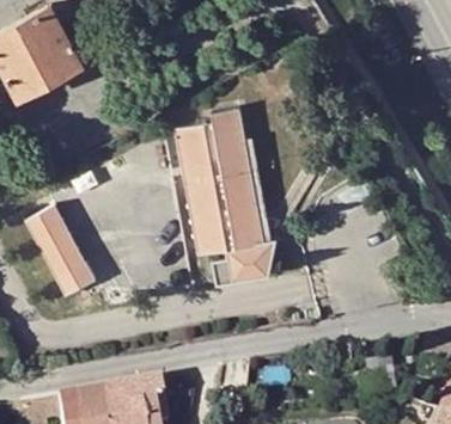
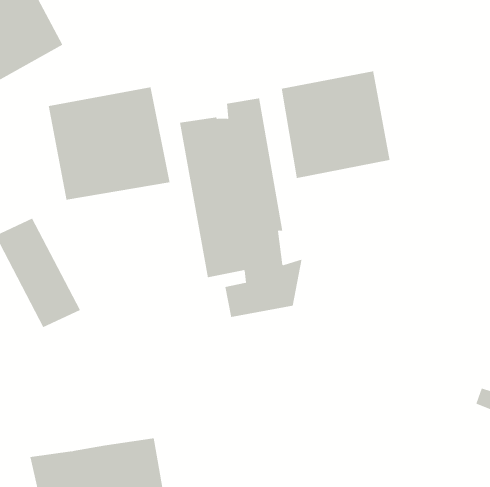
building: none -> [281,71,390,179]
building: none -> [48,86,170,201]

